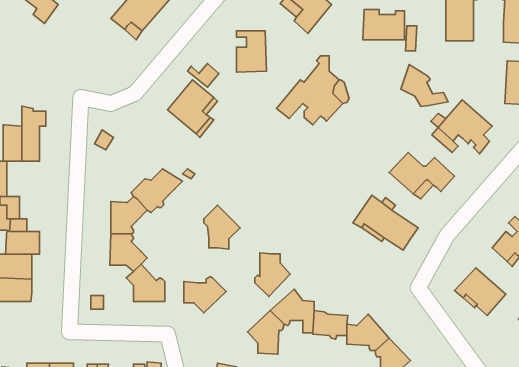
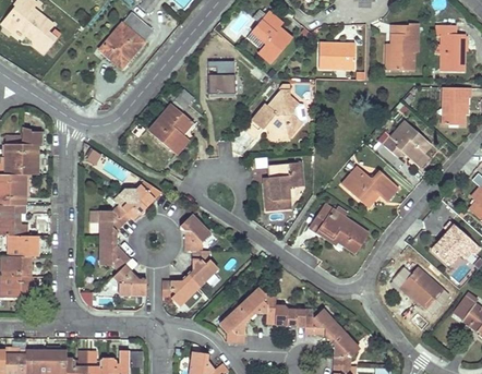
building: [401,65,448,107] -> none
building: none -> [264,164,303,210]
building: none -> [9,174,25,205]
building: [255,253,290,297] -> [188,250,218,288]

